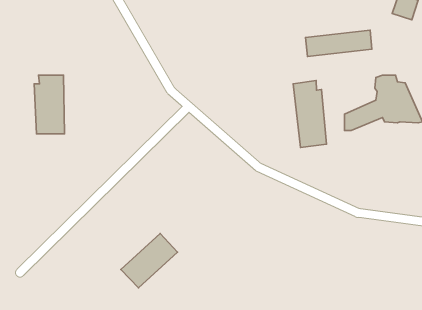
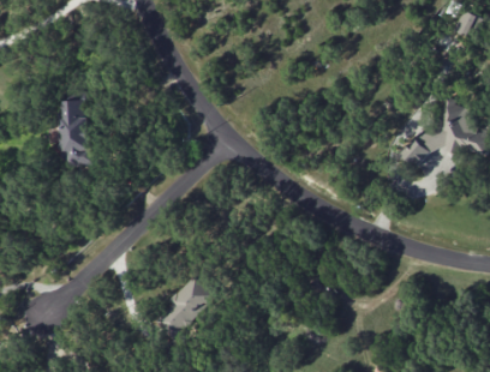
building: [306,30,372,56] -> none
building: [293,81,327,148] -> none

